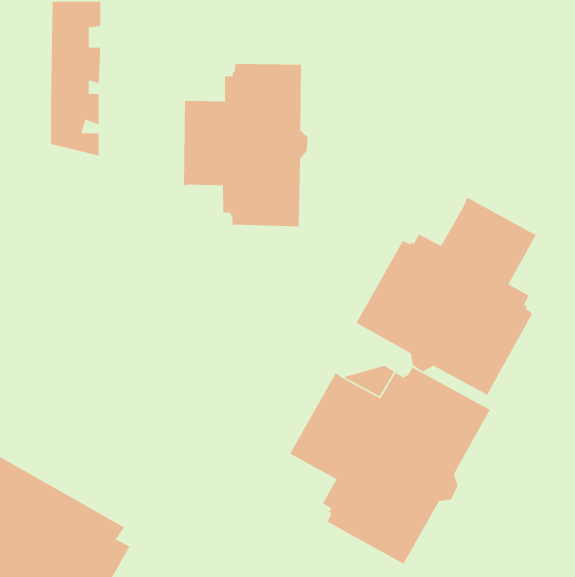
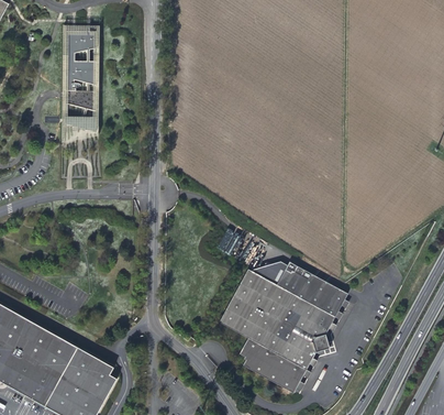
building: [183,63,308,227] -> none
building: [355,197,537,396] -> none

